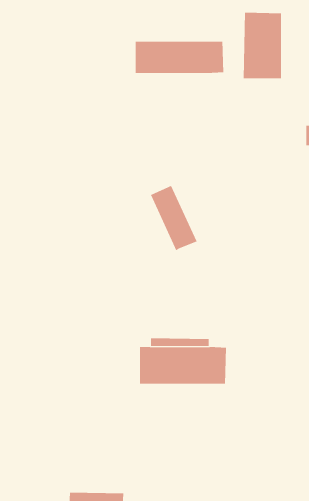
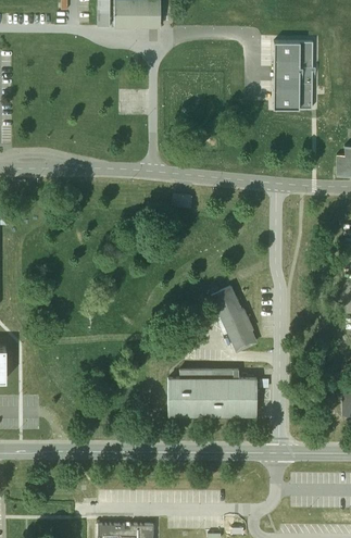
building: [135,41,224,74] -> none
building: [150,185,197,251] -> [209,286,256,352]

